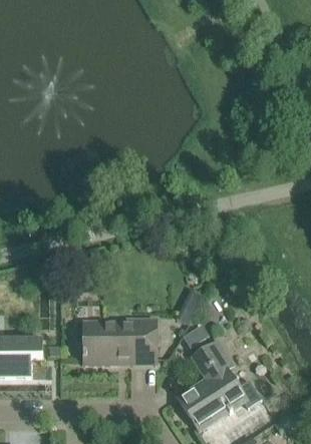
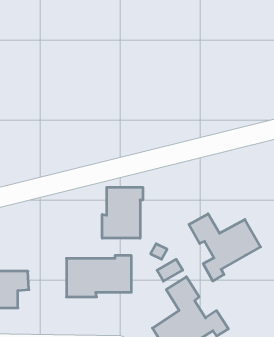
building: none -> [102,187,143,238]
building: none -> [189,214,261,281]

